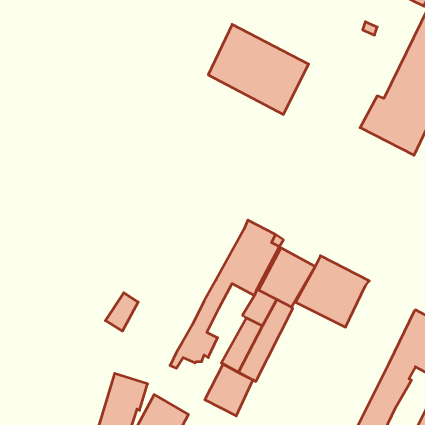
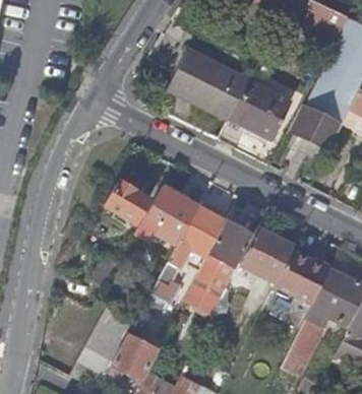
building: none -> [229,80,288,139]
building: none -> [103,180,149,222]
building: none -> [145,186,198,246]
building: none -> [271,251,329,310]
building: [205,364,253,416] -> none

